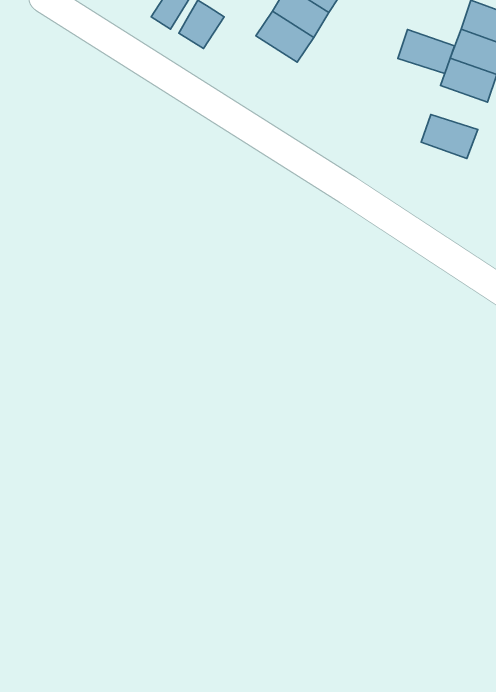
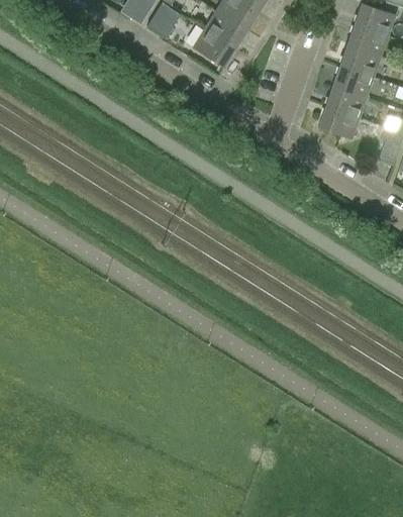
building: [398,29,454,74] -> [332,65,374,97]
building: none -> [193,28,234,67]
building: none -> [318,106,359,139]

